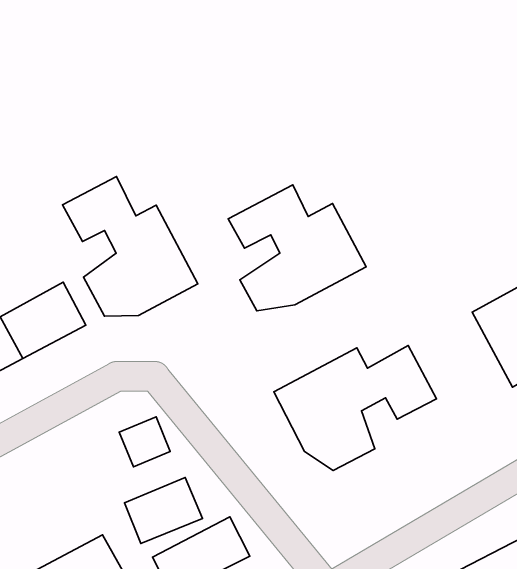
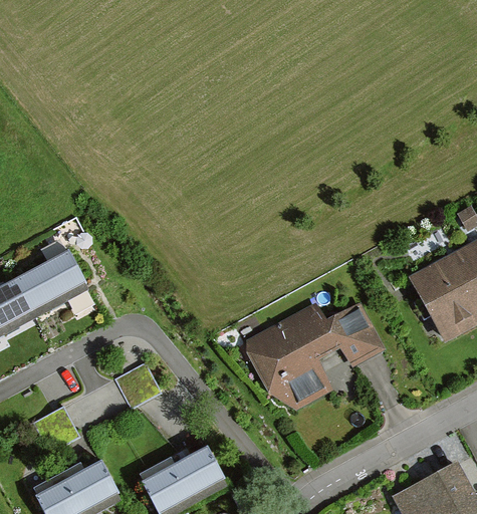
building: [63,176,198,316] -> none
building: [228,185,366,311] -> none
building: [124,477,202,543] -> none

